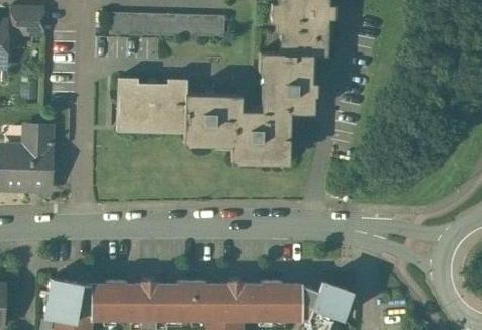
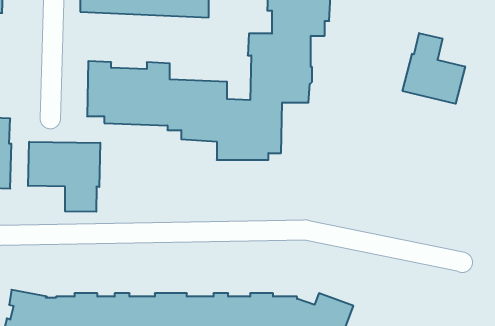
building: none -> [403,33,465,104]
building: none -> [28,142,100,212]

